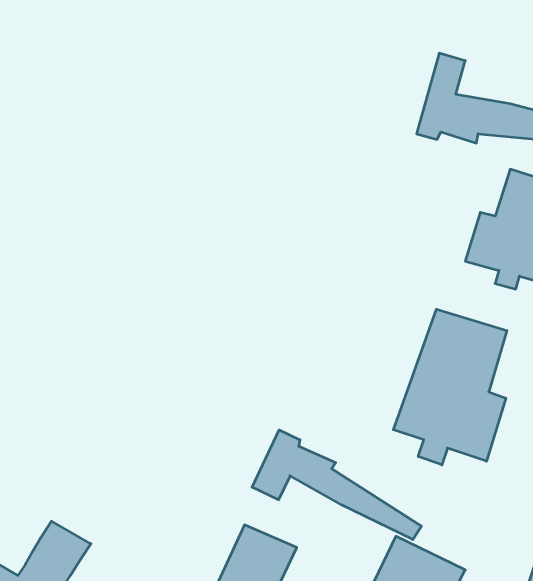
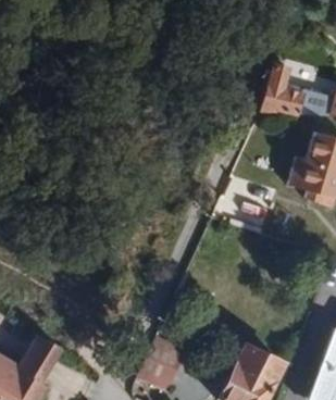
building: [393,309,507,465] -> none
building: [252,430,421,540] -> none

